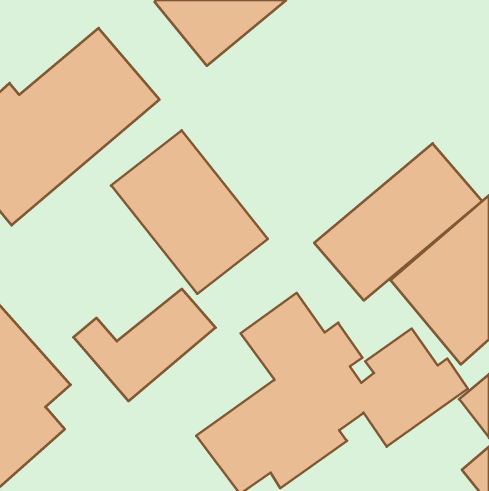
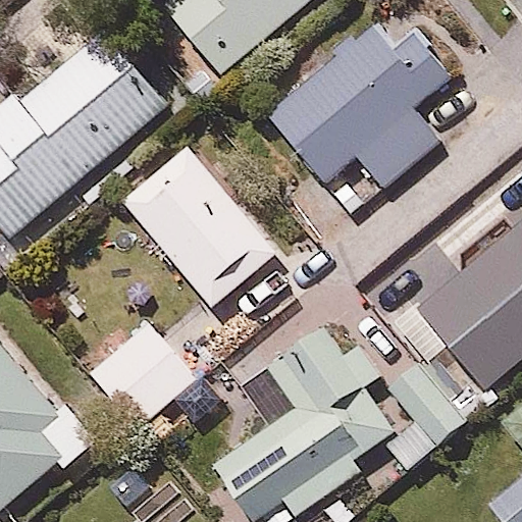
building: none -> [264,21,458,194]
building: [314,143,482,300] -> none

